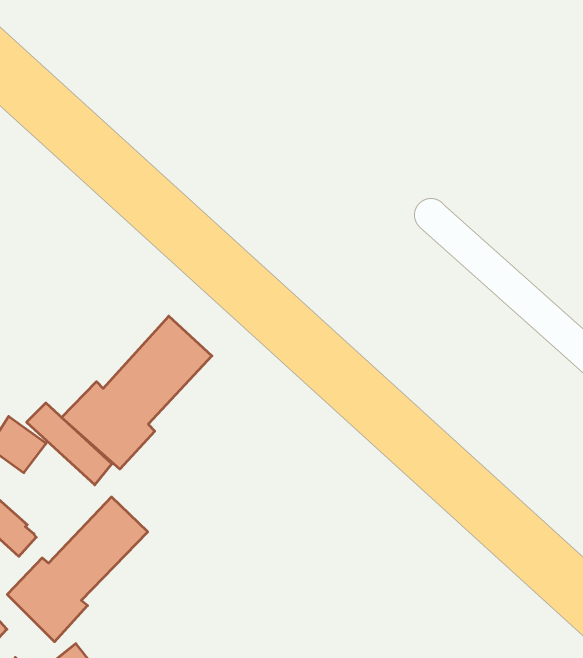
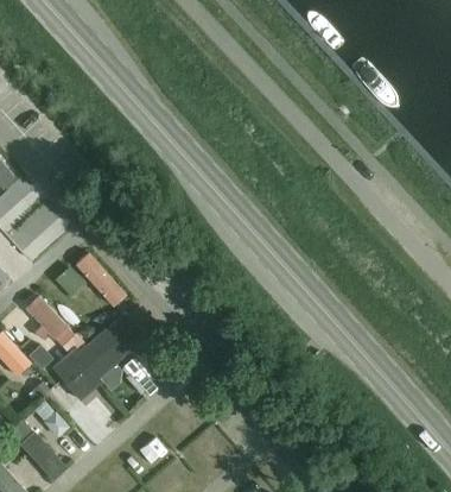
building: [62,316,212,469] -> none

